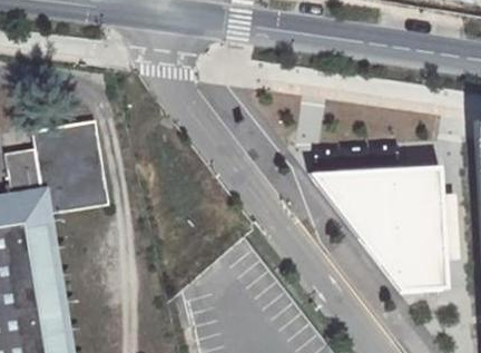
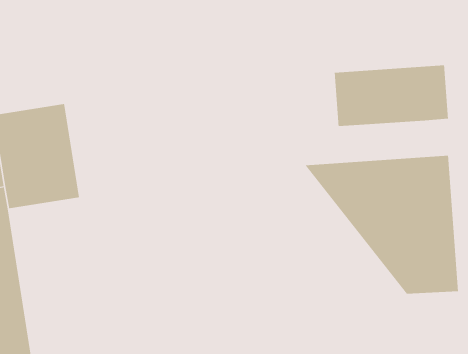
building: none -> [334,64,449,127]

